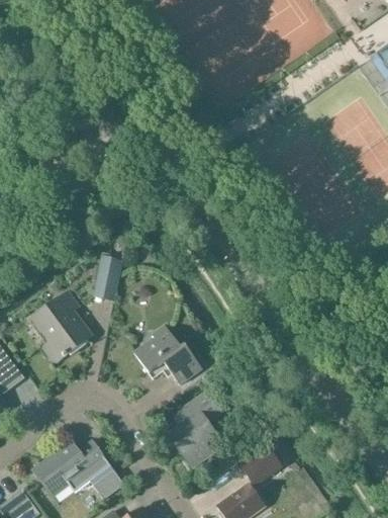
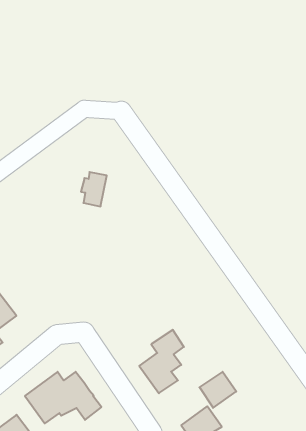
building: [92,257,122,297] -> [81,172,107,206]
building: [32,291,91,362] -> none
building: [134,325,202,384] -> none

